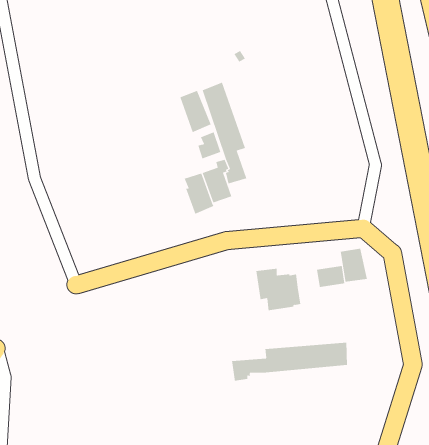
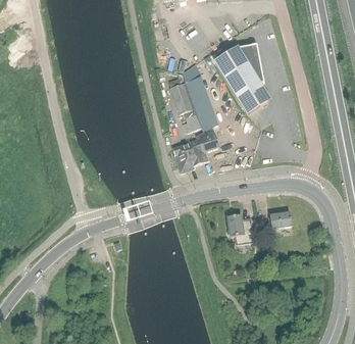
building: none -> [216,43,266,110]
building: [340,248,368,283] -> none
building: [232,342,347,382] -> none

